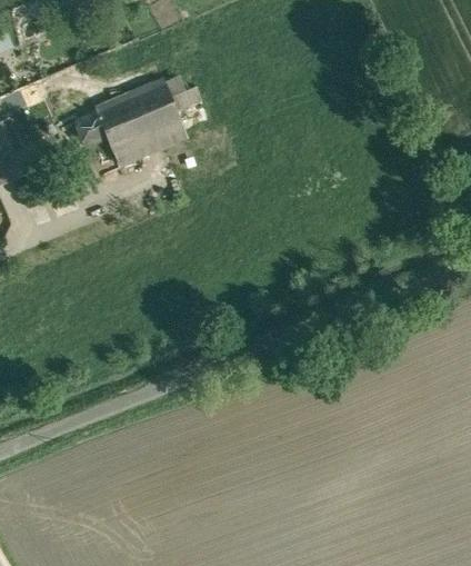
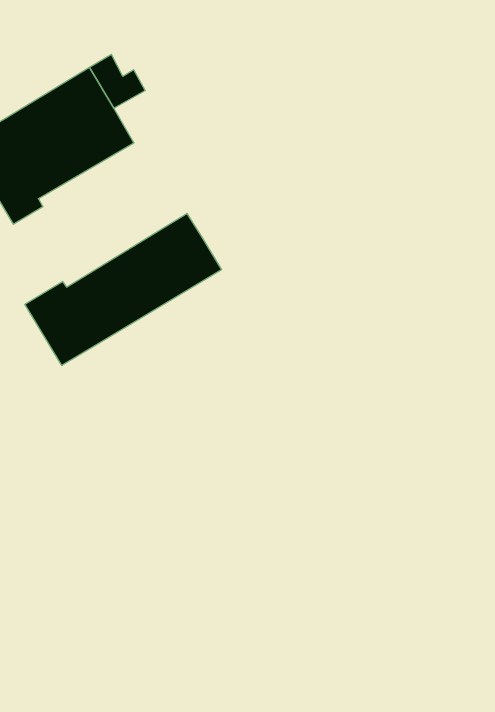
building: none -> [25,213,221,366]

